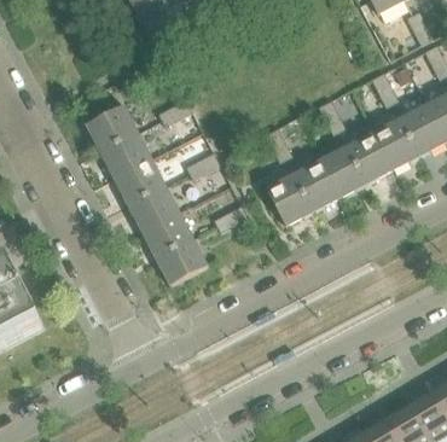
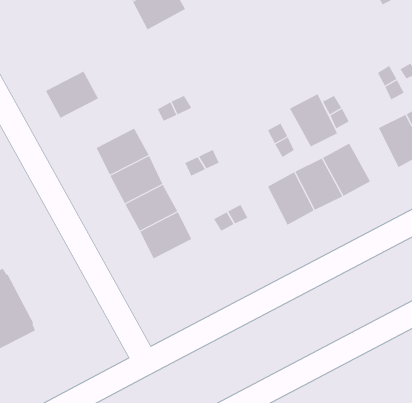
building: [86,105,138,151] -> [45,71,99,118]
building: [346,132,393,184] -> [289,93,338,147]
building: [156,239,208,285] -> none

